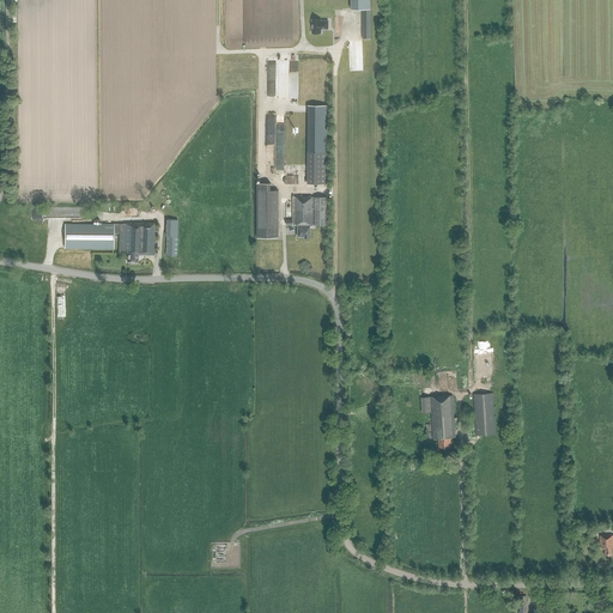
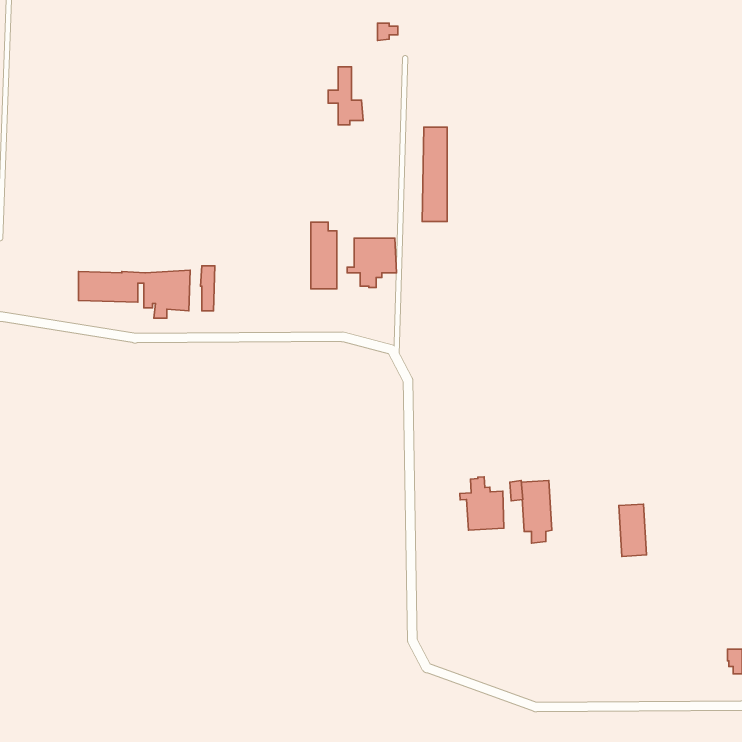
building: [306,105,327,183] -> [422,127,447,221]
building: [473,393,496,436] -> [619,504,646,556]
building: none -> [460,477,504,530]

